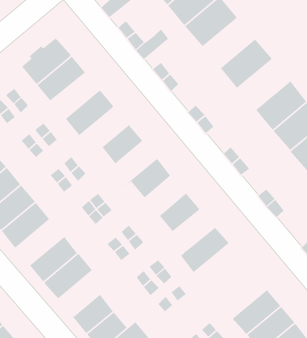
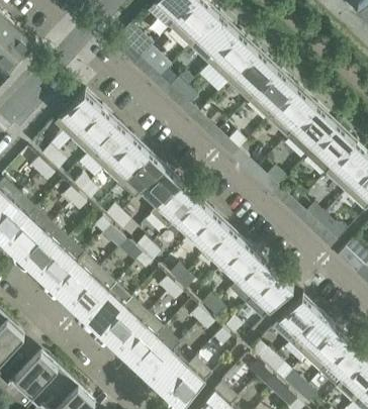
building: none -> [228,49,278,101]
building: none -> [267,86,317,137]
building: none -> [87,121,134,169]
building: none -> [119,150,166,199]
building: none -> [152,181,198,228]
building: none -> [190,211,229,251]
building: none -> [221,240,262,281]
building: none -> [70,268,116,315]
building: none -> [247,270,294,318]
building: none -> [118,312,165,360]
building: none -> [272,294,319,342]

